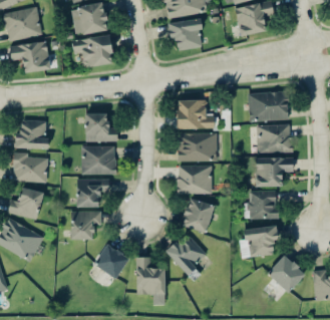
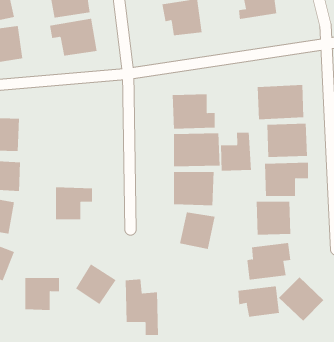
building: [85,113,117,142] -> none
building: none -> [221,132,251,171]
building: [81,146,116,175] -> none
building: [71,212,101,240] -> [24,278,60,311]
building: [168,234,207,274] -> none
building: none -> [238,285,280,317]

